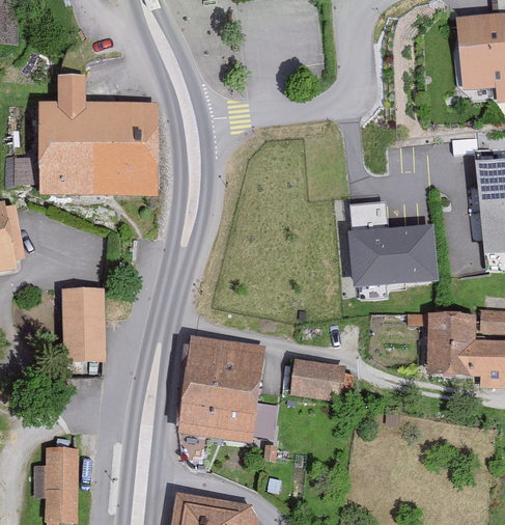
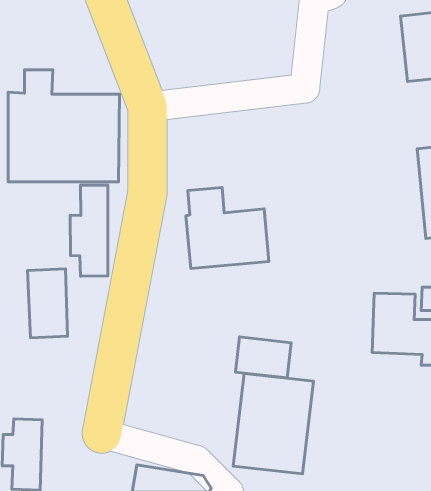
building: none -> [70,185,108,276]
building: [349,200,438,286] -> [186,188,269,268]
building: [179,337,264,444] -> [233,373,313,474]

